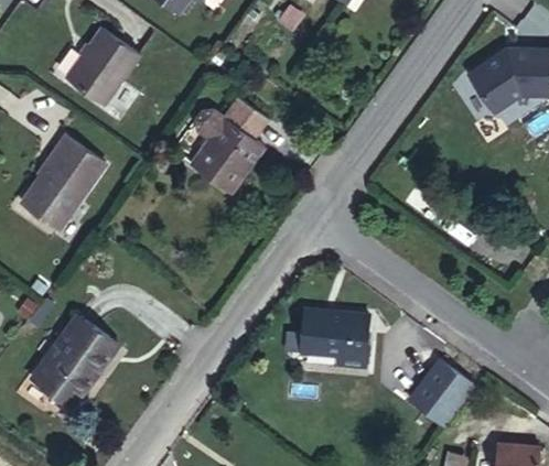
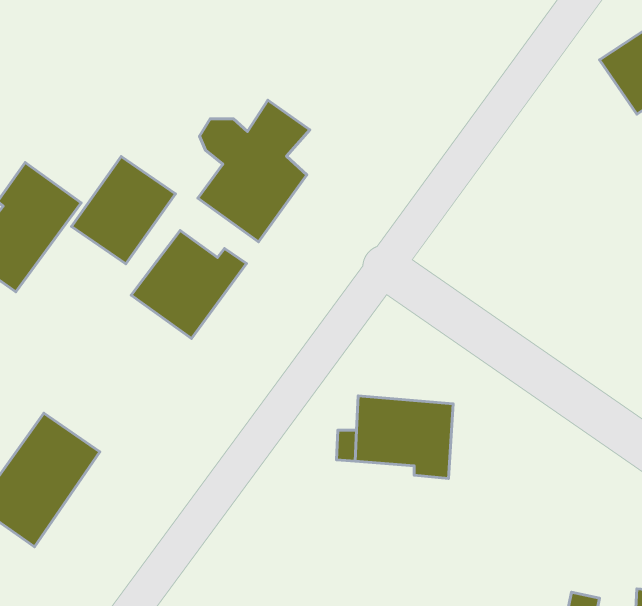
building: [66,34,140,110] -> [71,157,176,264]
building: none -> [131,230,247,338]
building: [410,353,473,418] -> none

